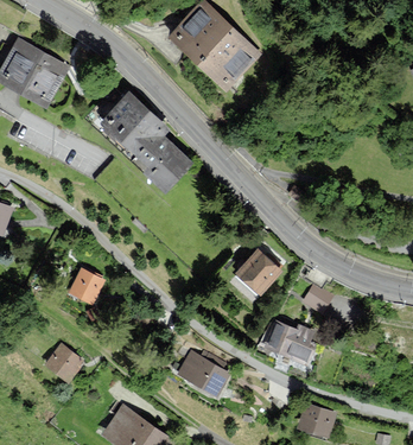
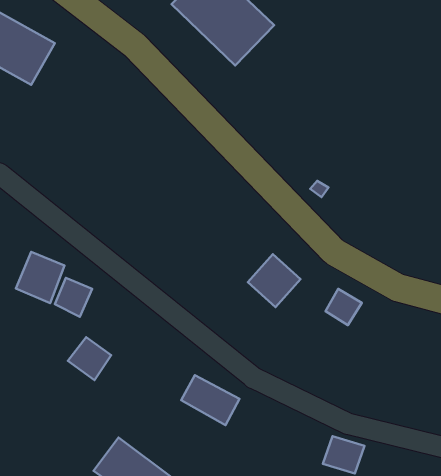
building: [101,93,191,191] -> none
building: none -> [16,252,64,303]
building: [263,320,314,365] -> none
building: [45,343,82,380] -> [68,337,111,380]

